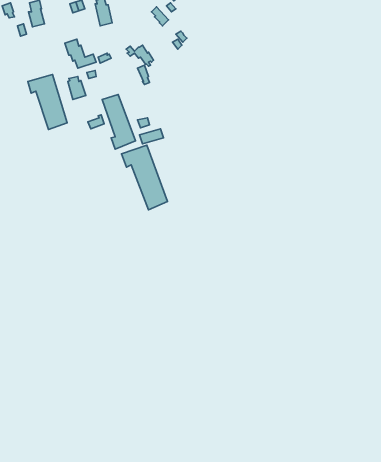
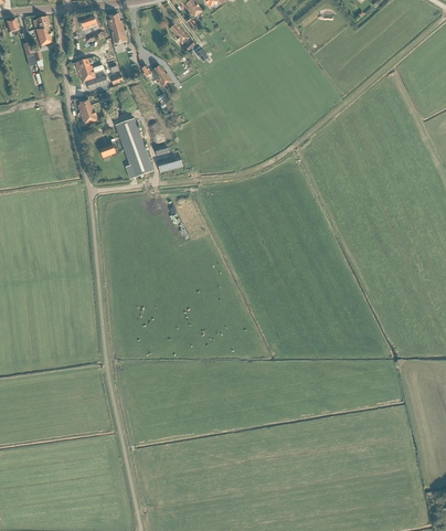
building: [28,75,67,130] -> none
building: [122,145,168,210] -> none

